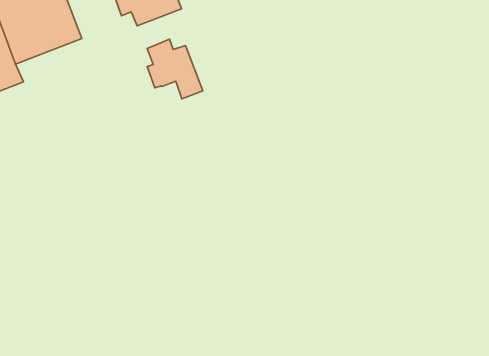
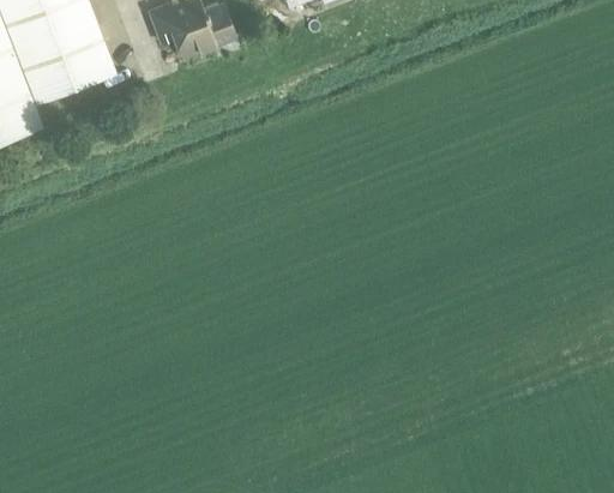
building: [147,39,203,99] -> none

